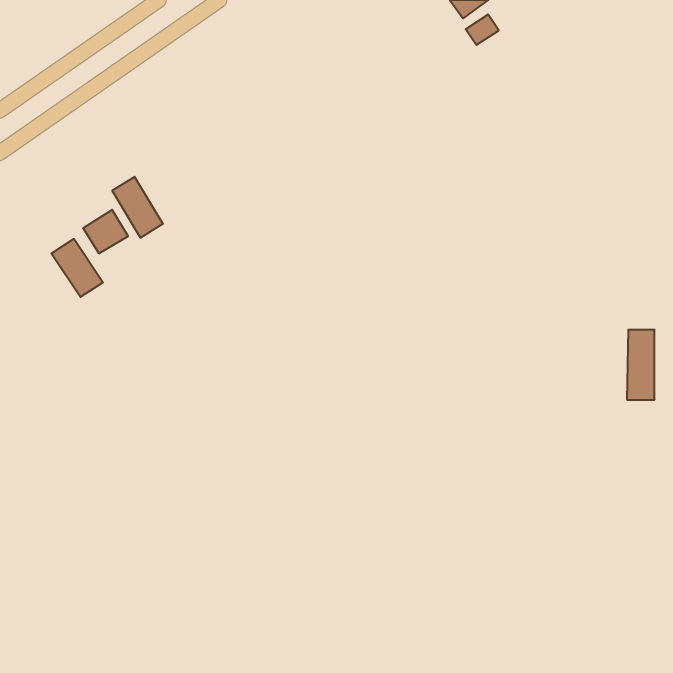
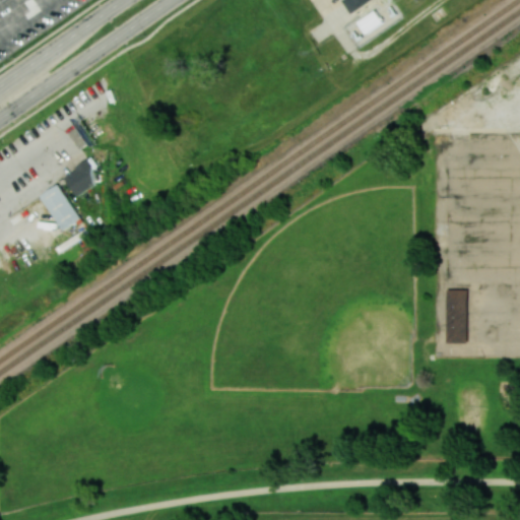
building: [112,177,163,238] -> none
building: [627,330,655,400] -> [446,289,467,343]

